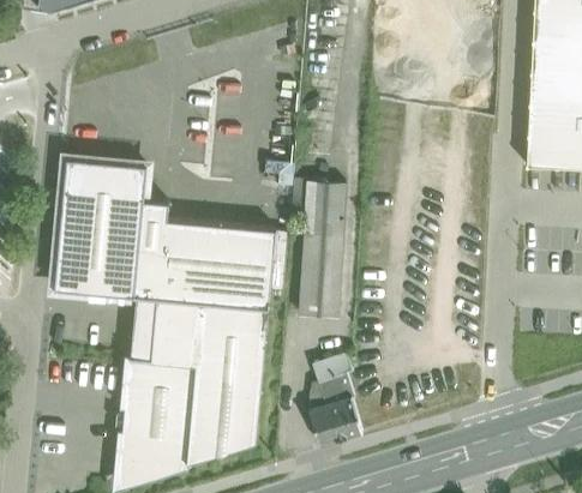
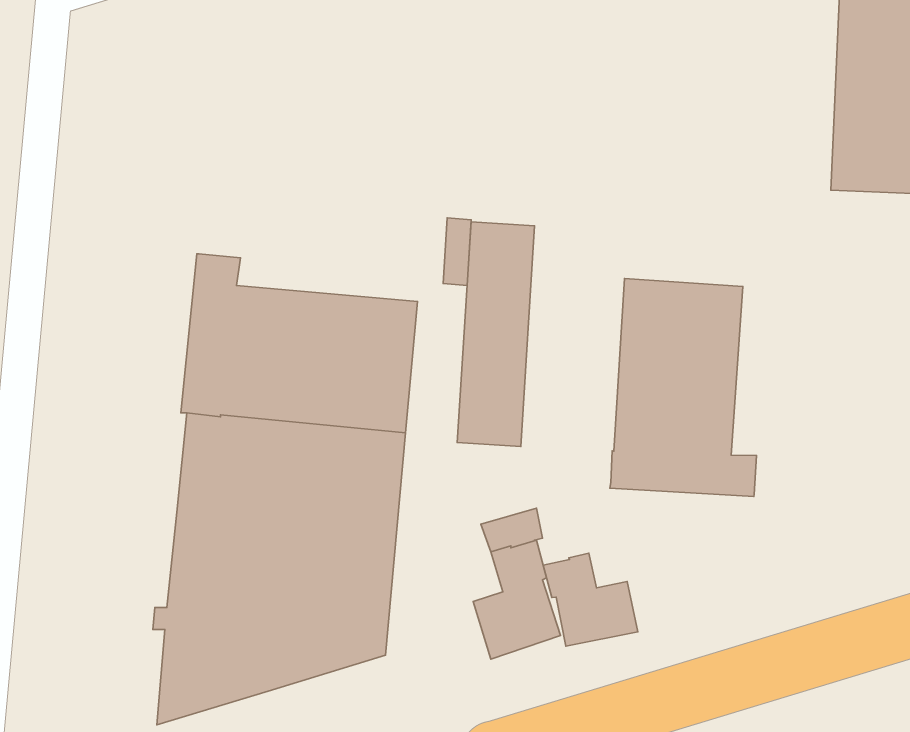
building: [54,161,148,299] -> none
building: none -> [610,279,756,496]
building: none -> [543,553,638,646]

